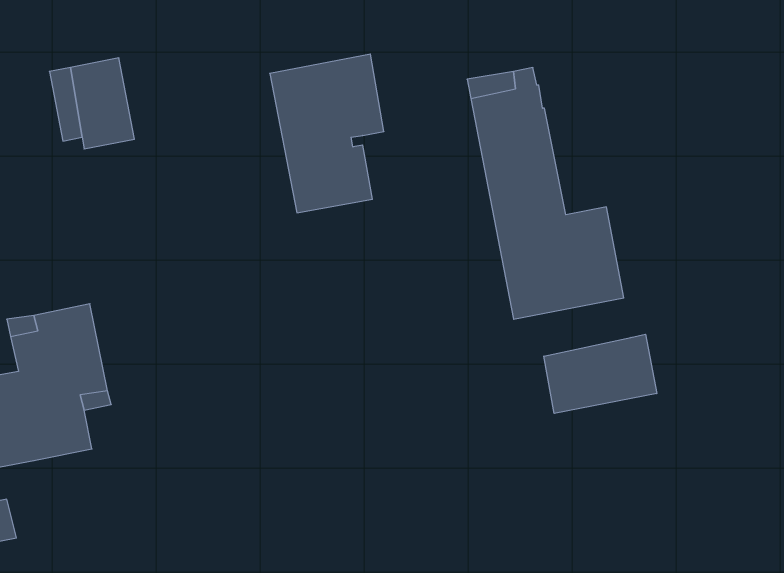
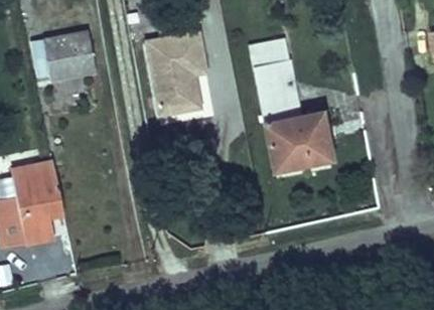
building: none -> [67,30,96,75]
building: [544,334,657,413] -> none

